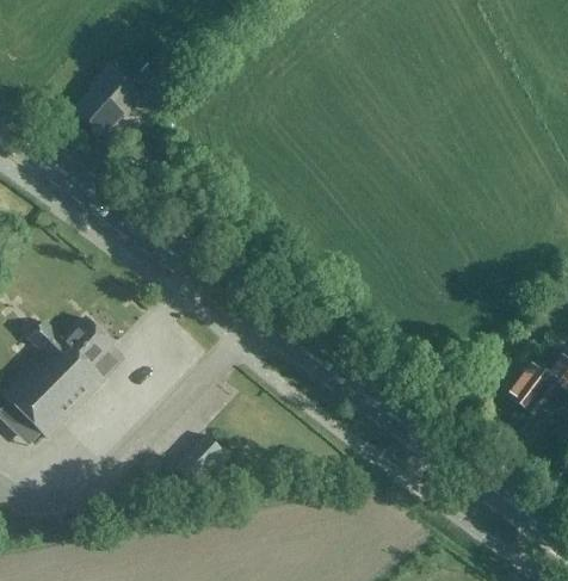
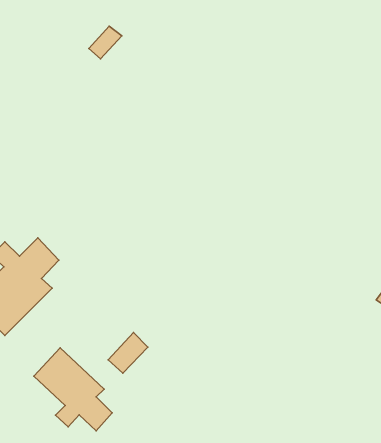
building: [70,63,147,141] -> none
building: none -> [34,348,112,431]

